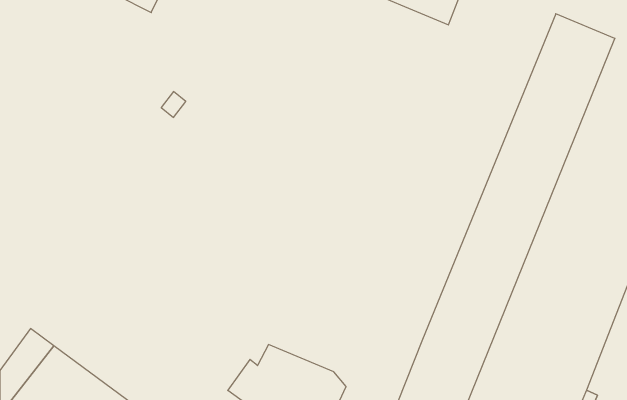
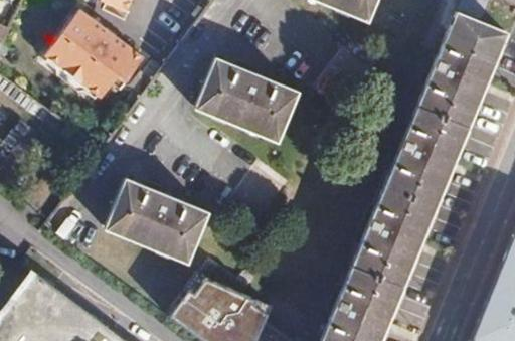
building: none -> [46,12,147,103]
building: none -> [195,58,298,143]
building: none -> [107,181,207,264]

